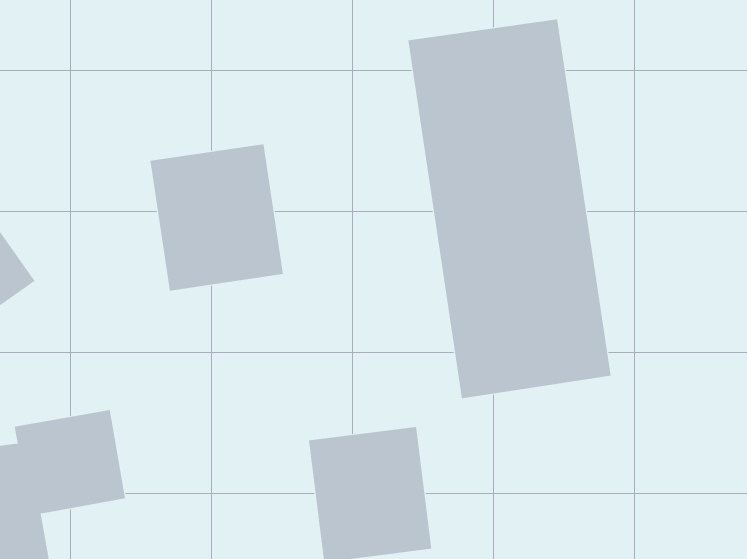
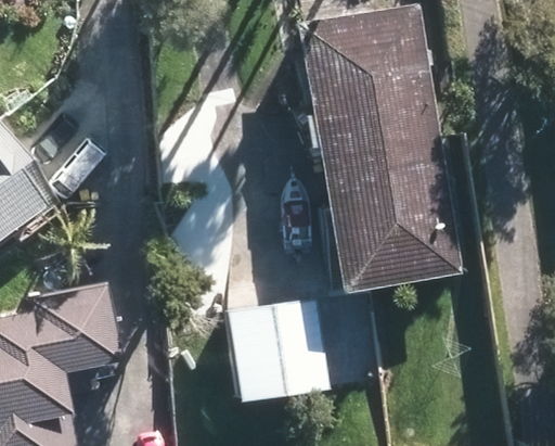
building: [150,143,283,291] -> none

